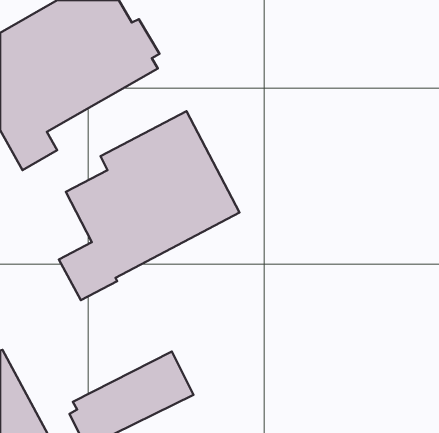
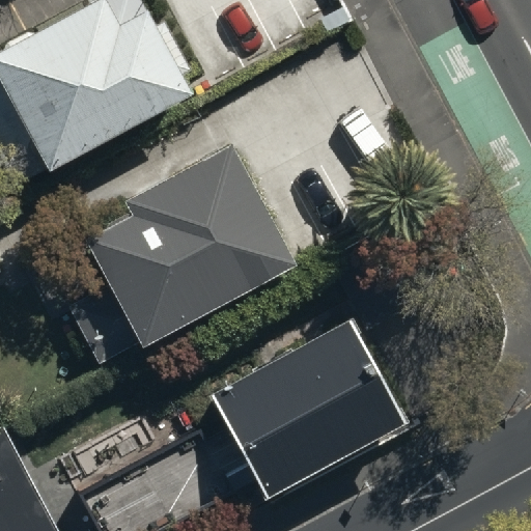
building: none -> [213,320,406,494]

